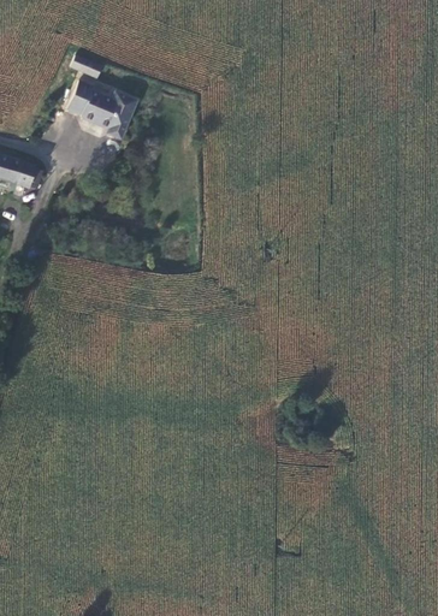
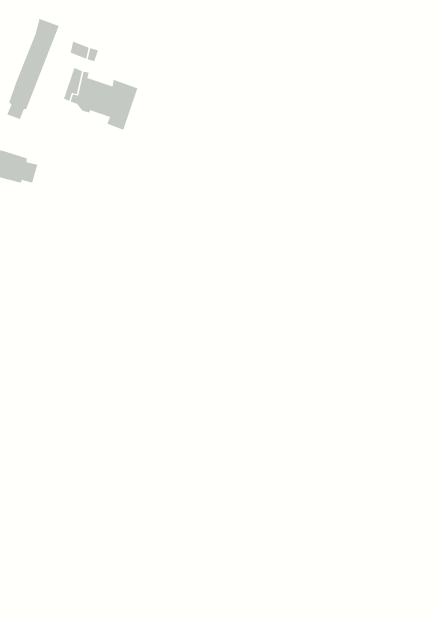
building: none -> [7,18,59,120]

